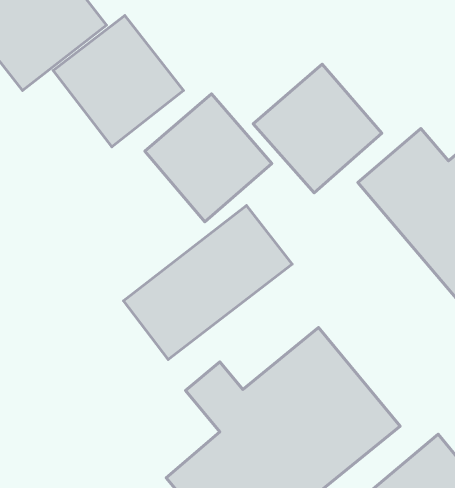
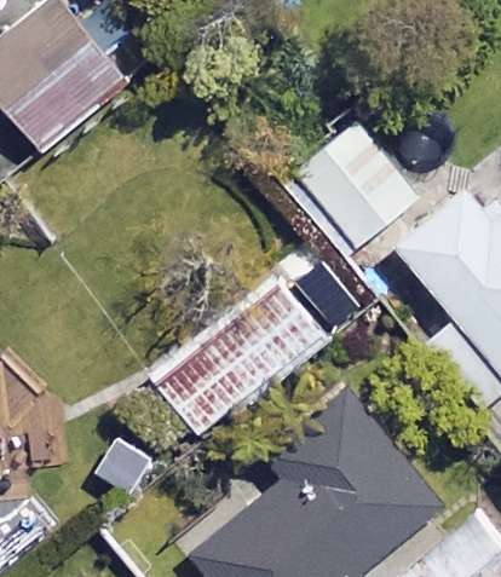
building: [53,15,184,147] -> none
building: [145,94,272,222] -> none

